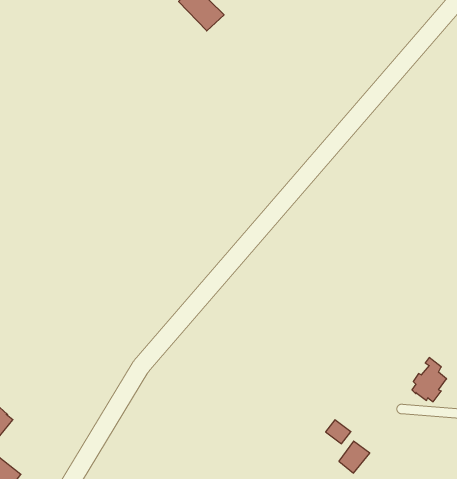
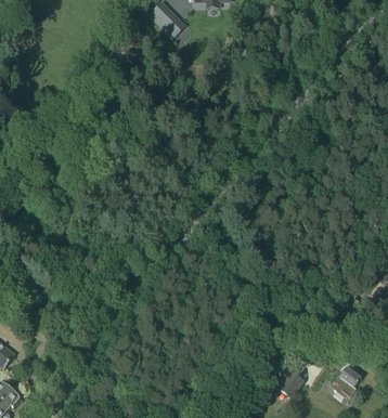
building: [412,358,447,402] -> [333,361,361,396]

